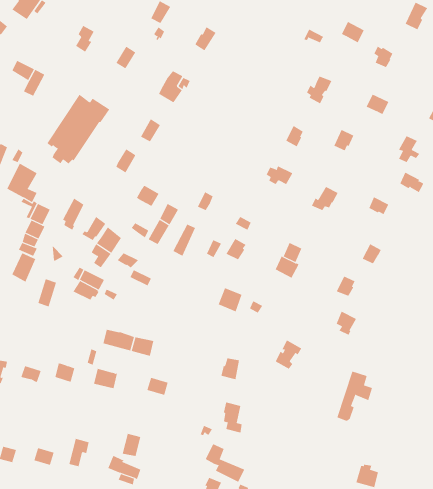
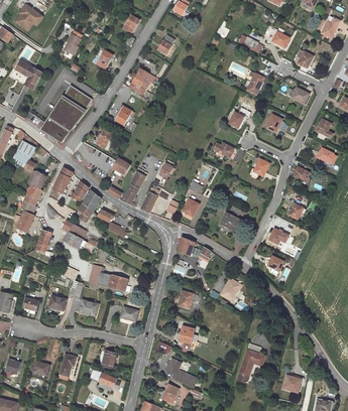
building: [336,371,373,421] -> [236,342,264,382]

